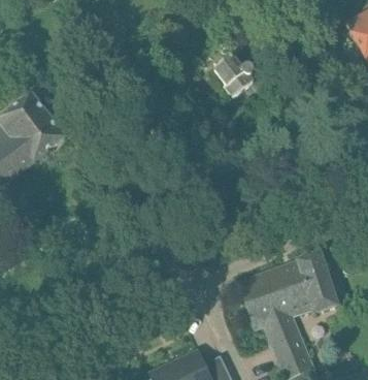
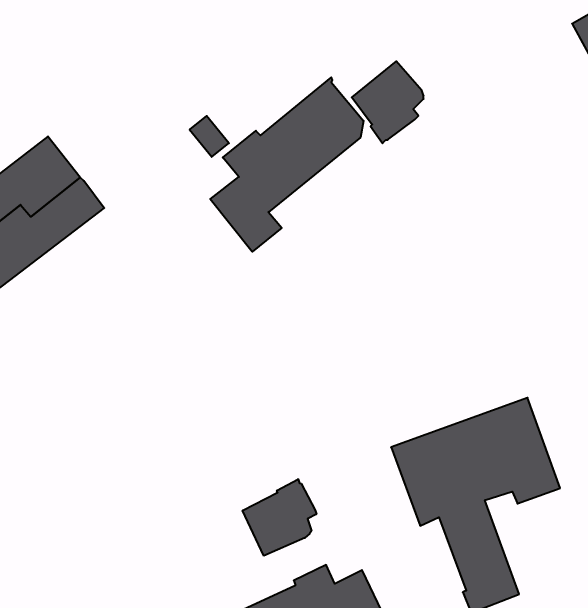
building: none -> [210,77,364,252]
building: none -> [243,479,316,556]

